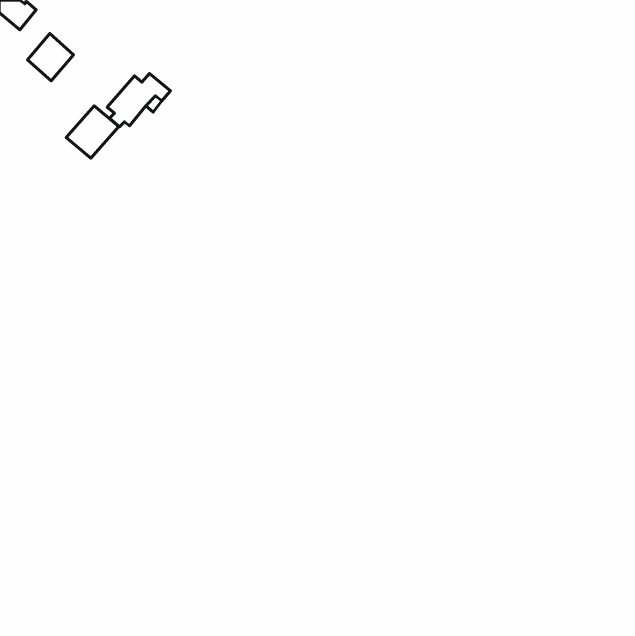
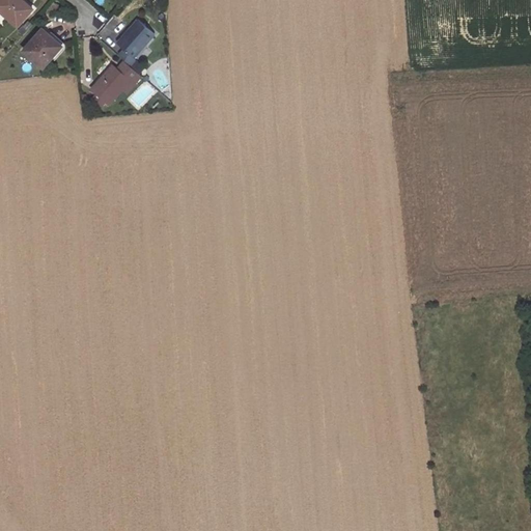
building: none -> [116,19,153,65]
building: [66,106,119,158] -> none

